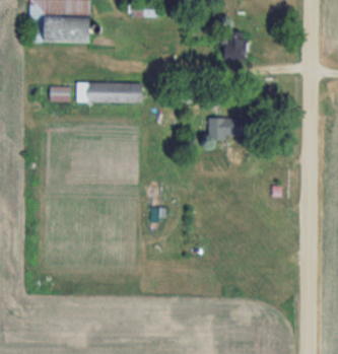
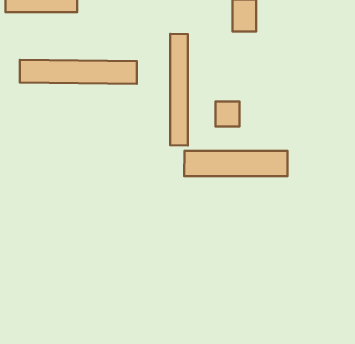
building: none -> [170,34,188,145]
building: none -> [184,151,288,176]

